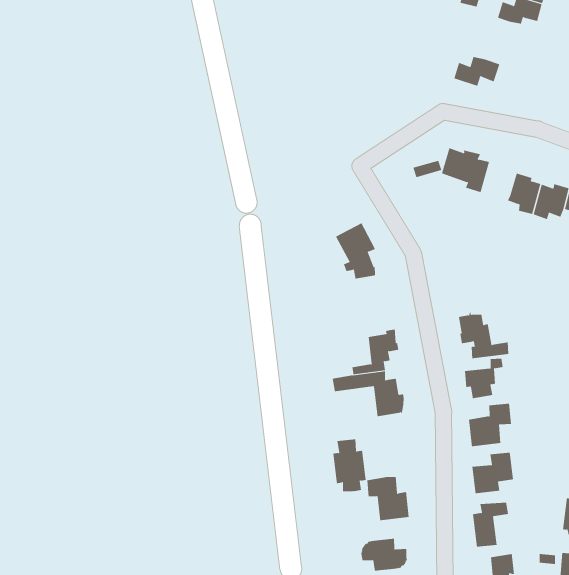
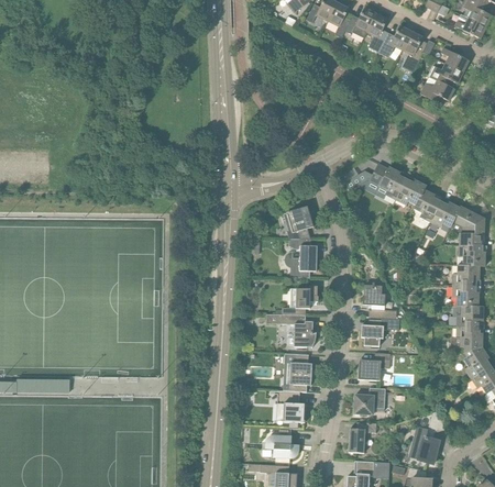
building: [454,57,500,87] -> [420,80,455,102]
building: none -> [396,178,426,204]
building: none -> [285,245,317,277]
building: [333,439,366,492] -> [289,353,312,391]

